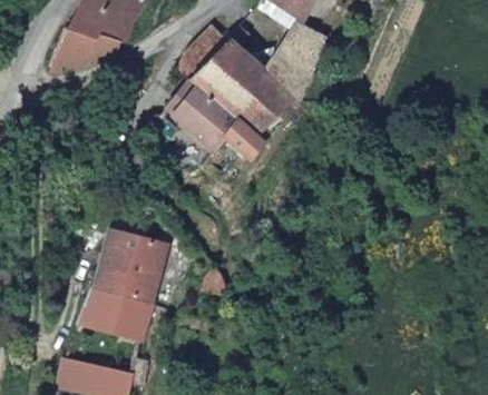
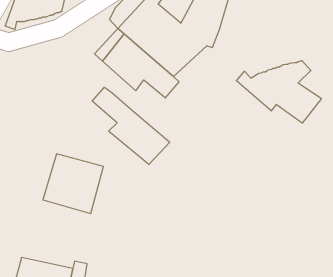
building: none -> [236,61,321,123]
building: none -> [92,87,170,165]
building: [82,287,157,338] -> none

